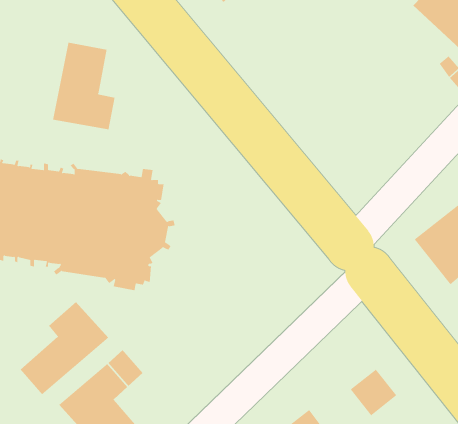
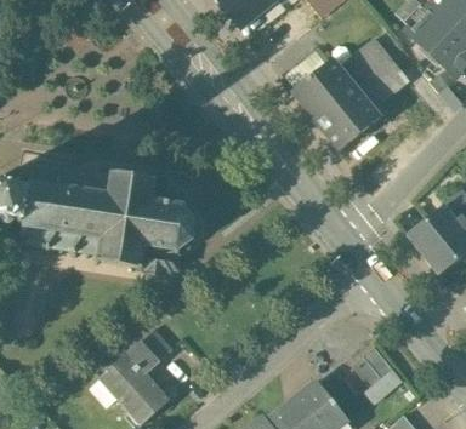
building: none -> [290,39,409,151]
building: [52,42,115,130] -> none
building: [20,301,109,395] -> none

